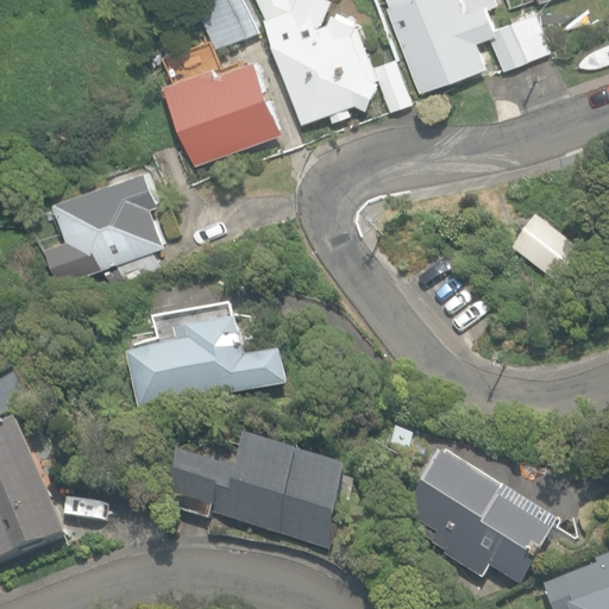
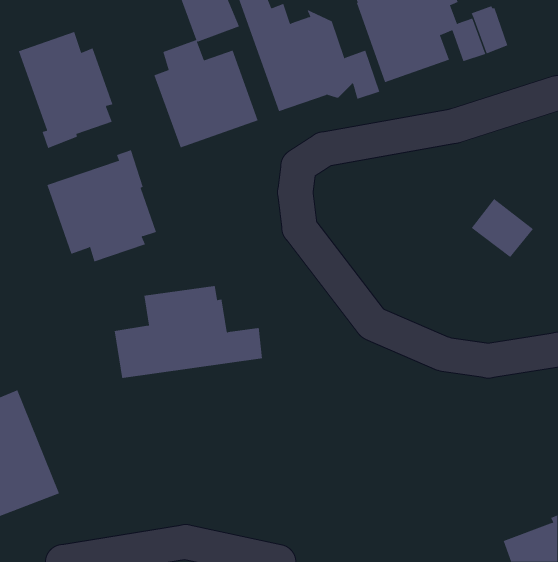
building: none -> [18,31,113,149]
building: [164,434,354,550] -> none
building: [403,451,555,582] -> none

